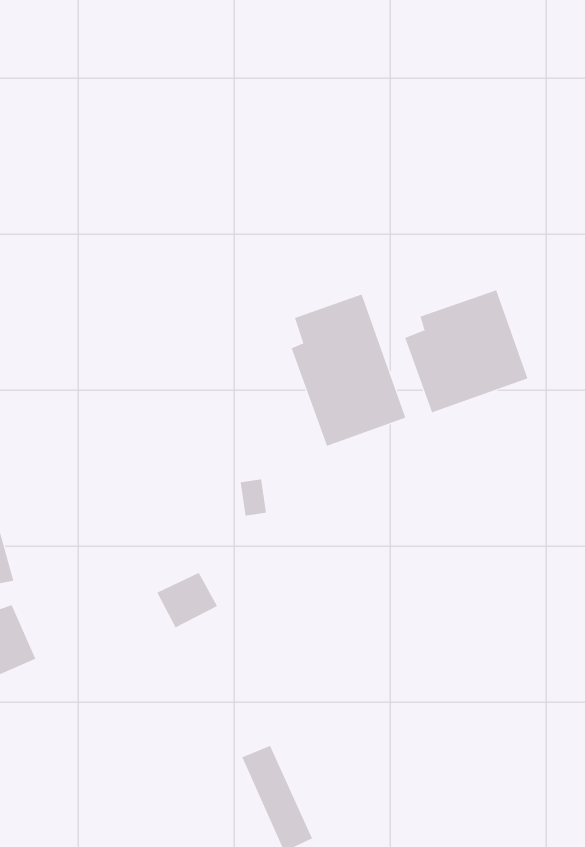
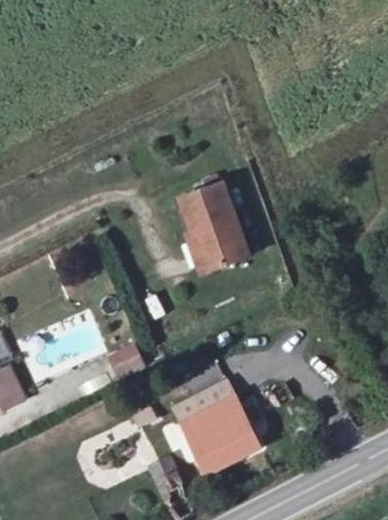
building: [405,289,528,413] -> none
building: none -> [184,388,264,468]

